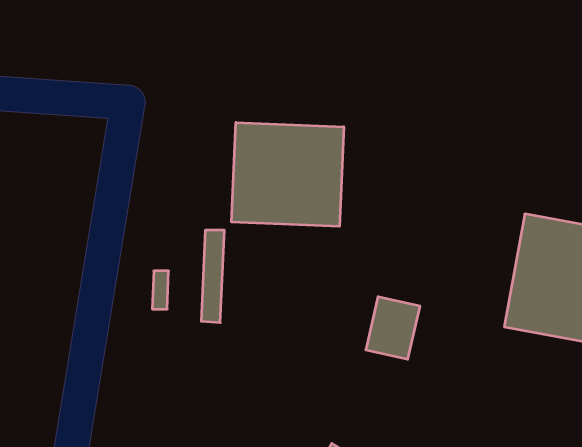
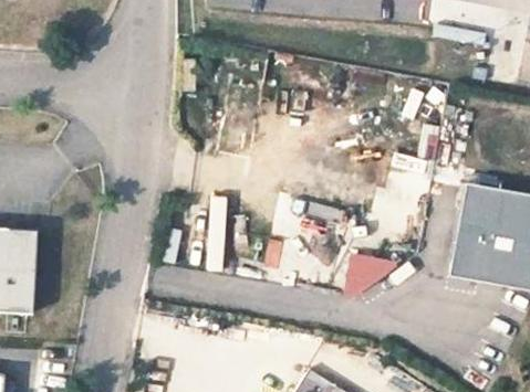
building: [232,122,344,226] -> none

